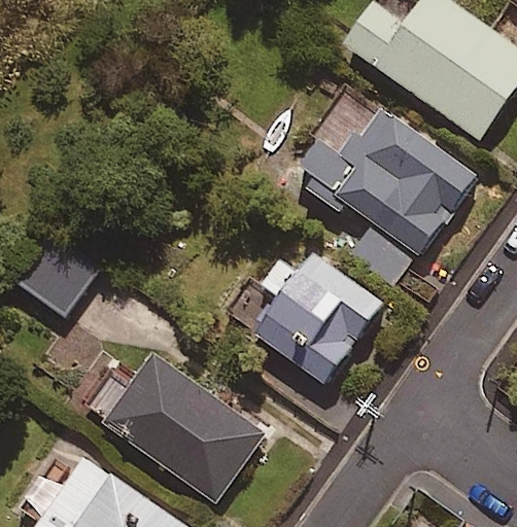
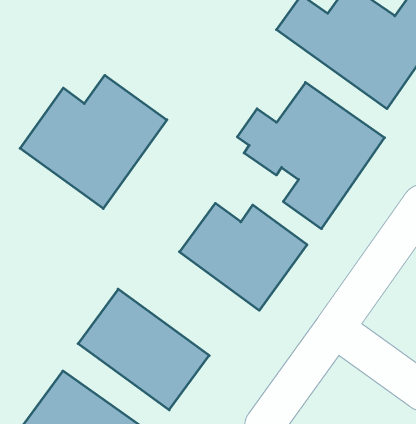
building: none -> [20,75,167,209]
building: [16,235,98,315] -> none

